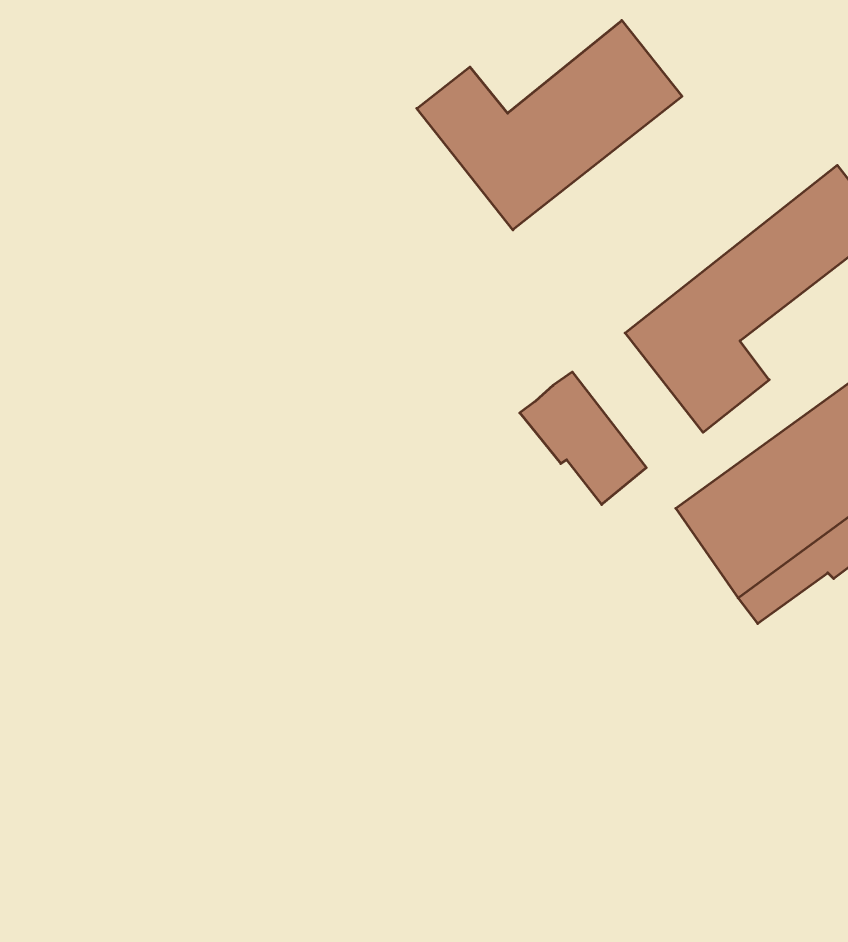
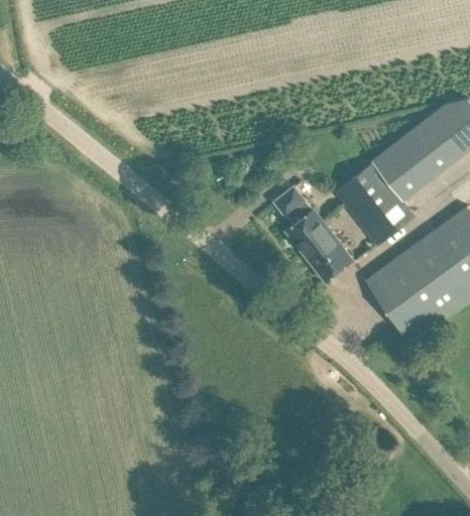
building: [417,20,682,230] -> none
building: none -> [273,186,305,225]

